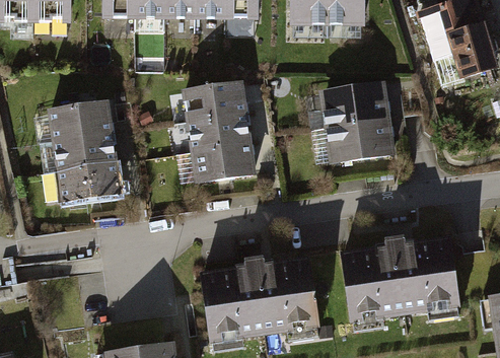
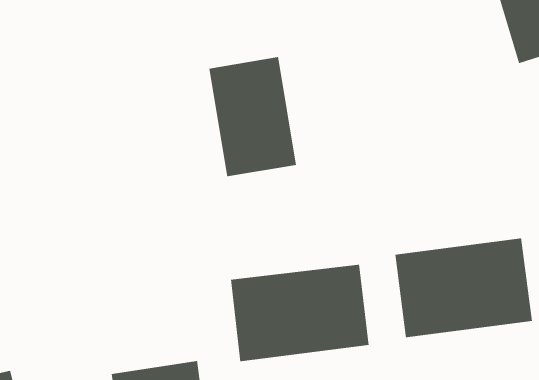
building: [317,81,395,163] -> none
building: [45,99,123,205] -> none

